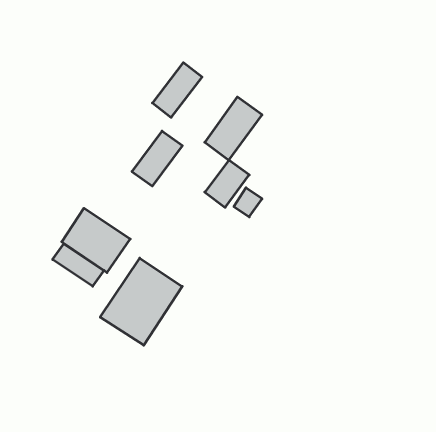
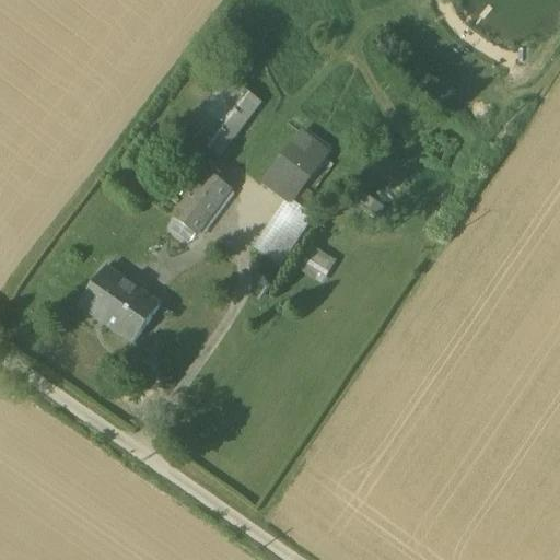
building: [53,244,104,286] -> none
building: [100,258,182,345] -> none

